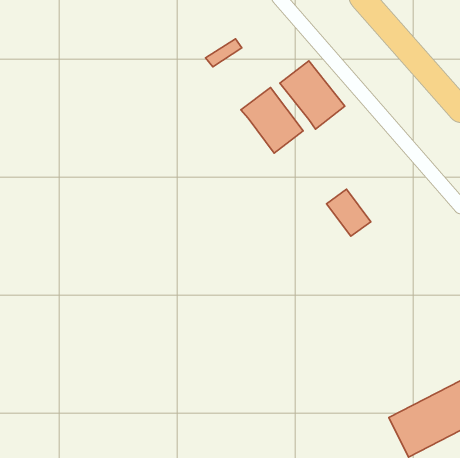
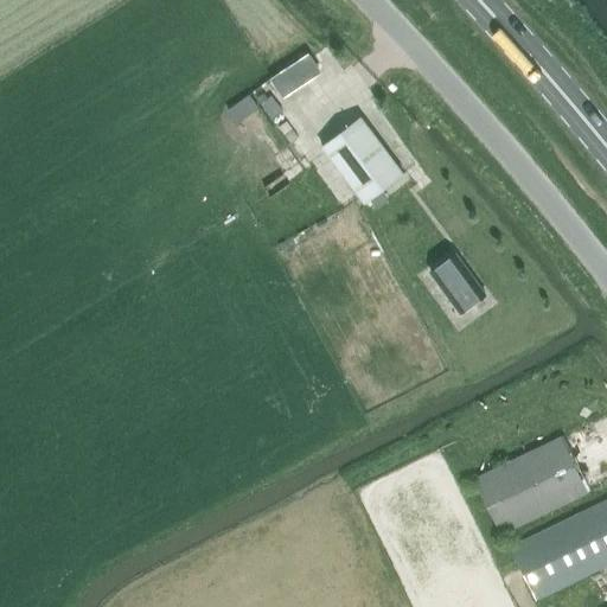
building: [280,61,345,129] -> none
building: none -> [475,437,590,535]

